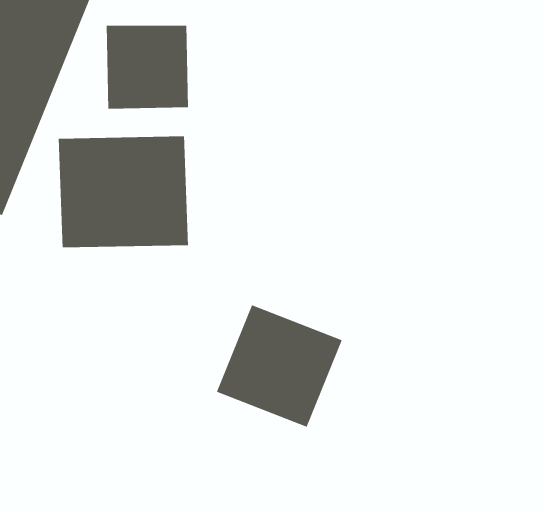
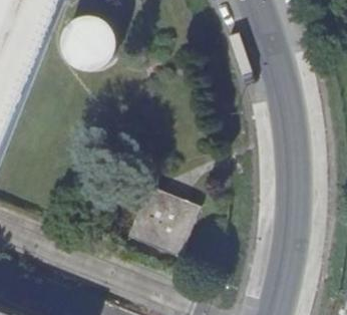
building: [58,136,189,248] -> none

